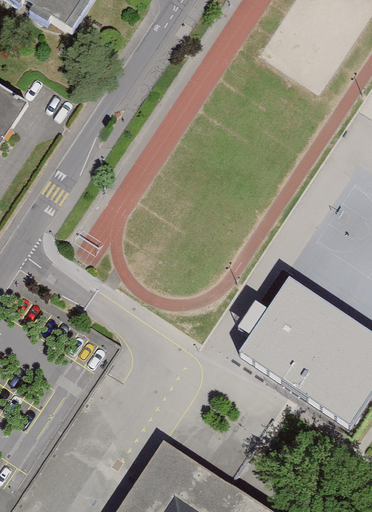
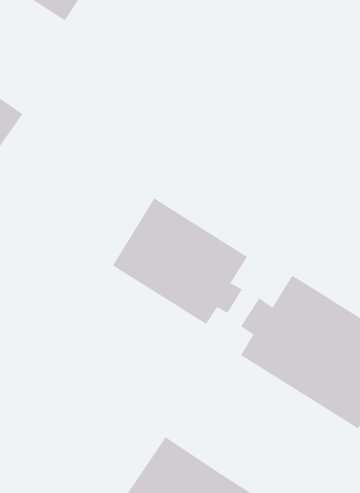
building: none -> [112,198,248,325]

